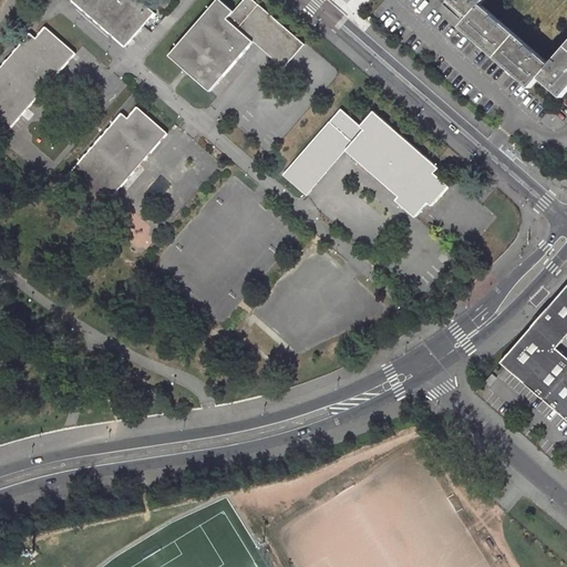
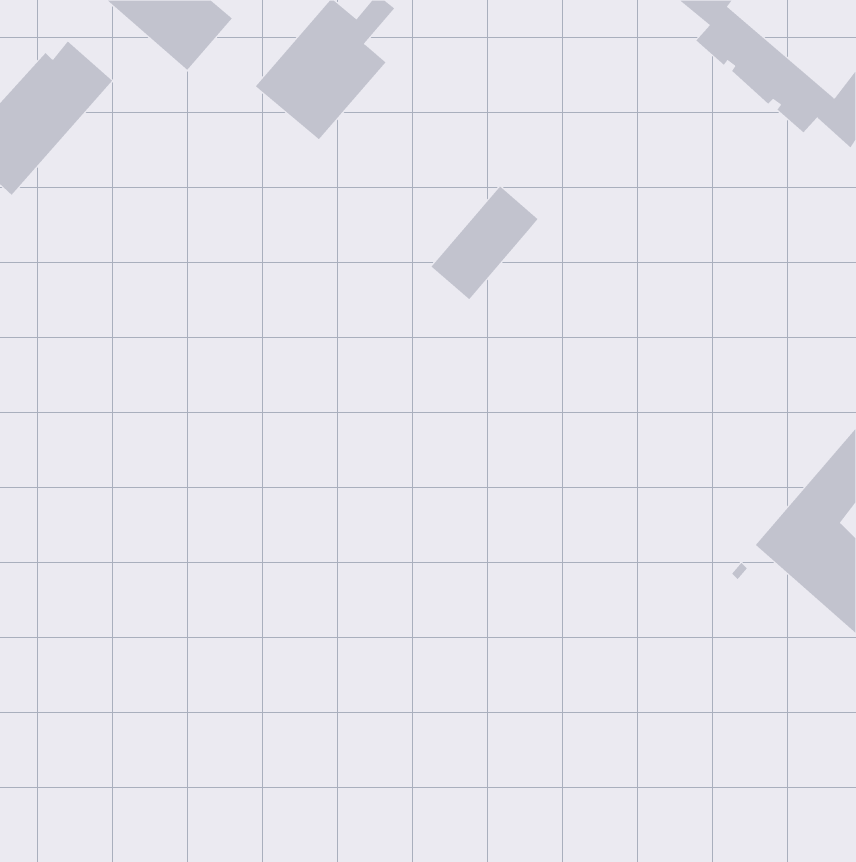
building: [239,6,305,68] -> none
building: [64,107,166,210] -> none
building: [328,109,451,218] -> none

